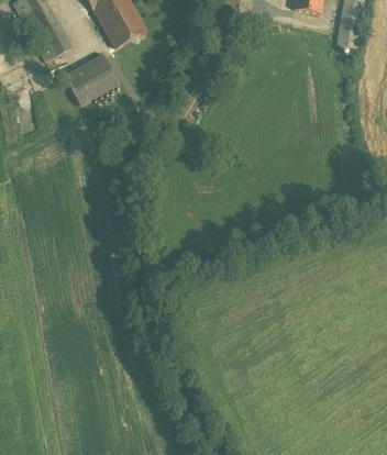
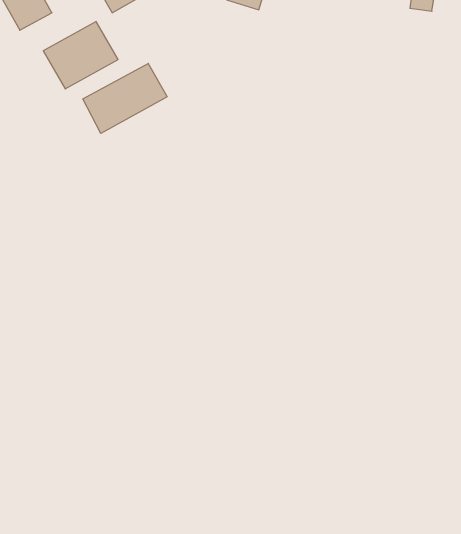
building: none -> [83,63,167,133]

